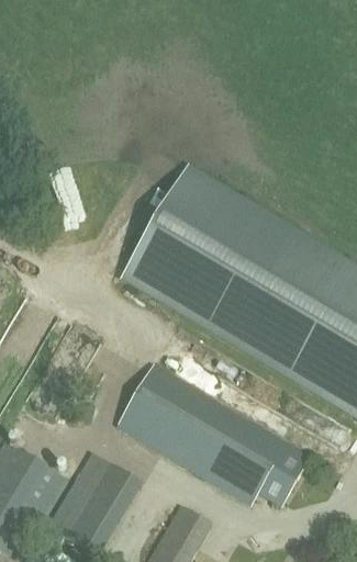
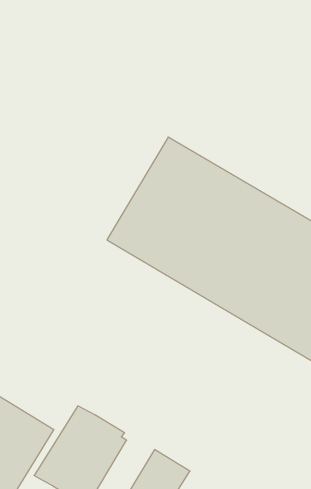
building: [118,364,308,504] -> none

